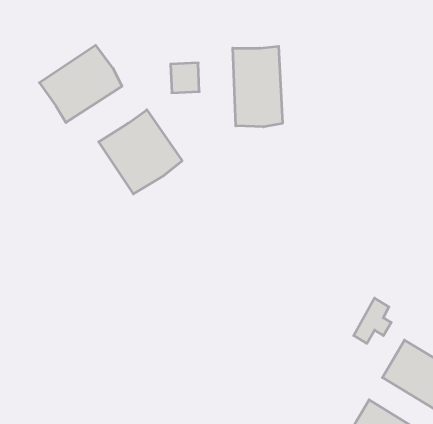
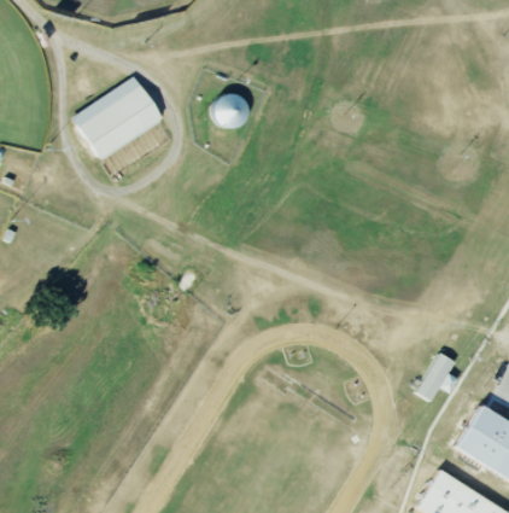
building: [233,46,282,127] -> none
building: [99,110,182,194] -> none

